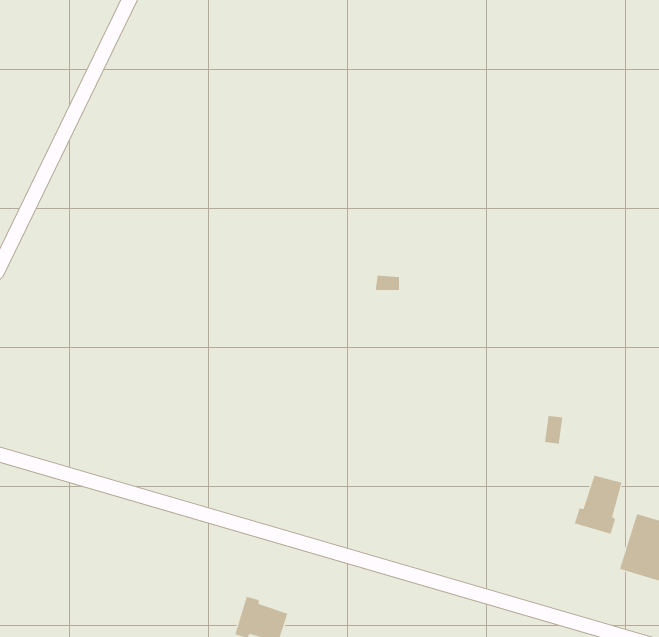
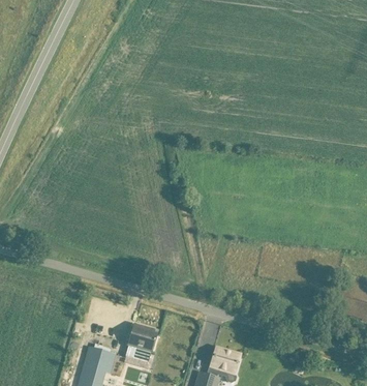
building: [574,475,622,535] -> none

